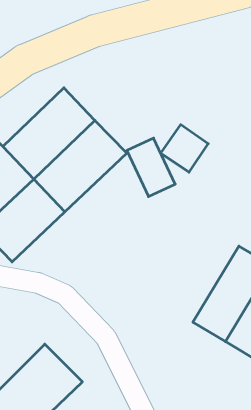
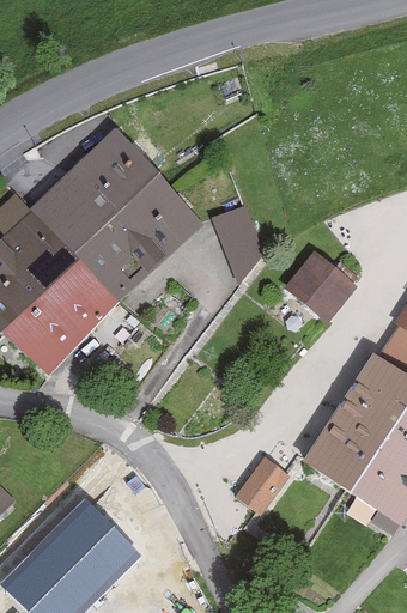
building: [161,125,208,172] -> [284,254,352,322]
building: none -> [238,460,291,515]

